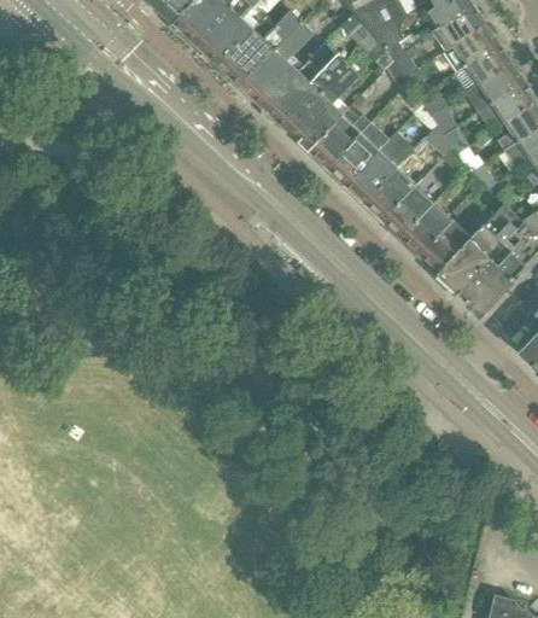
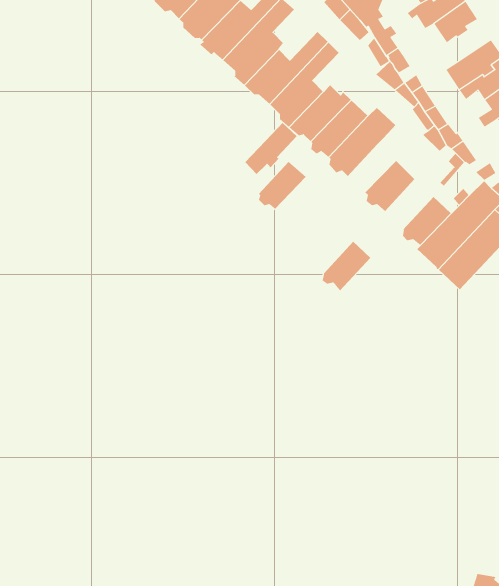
building: [466,41,510,83] -> none
building: none -> [244,122,298,175]
building: [367,167,415,215] -> [258,161,306,209]
building: [403,202,452,252] -> [322,241,371,291]

